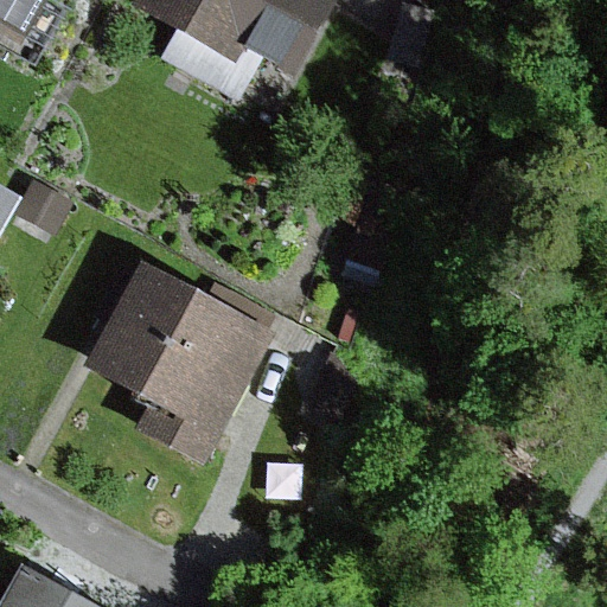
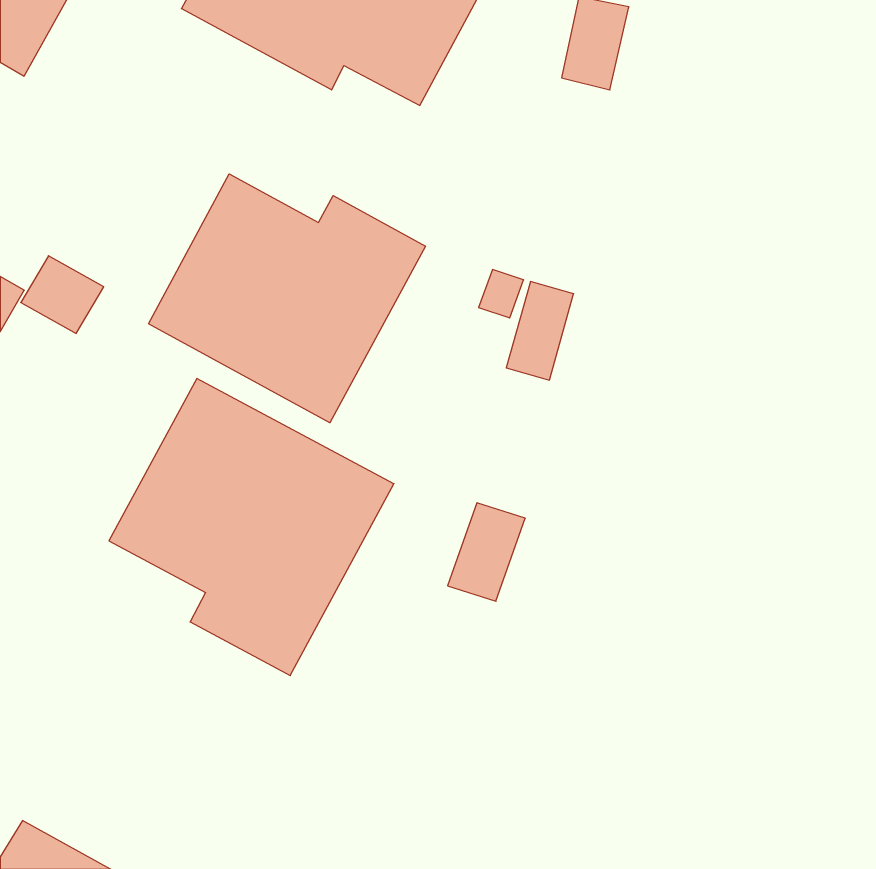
building: none -> [149,174,425,423]

